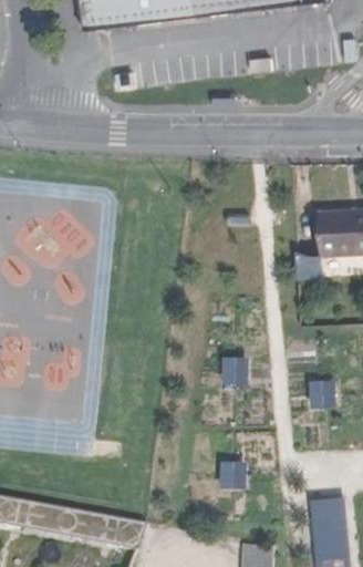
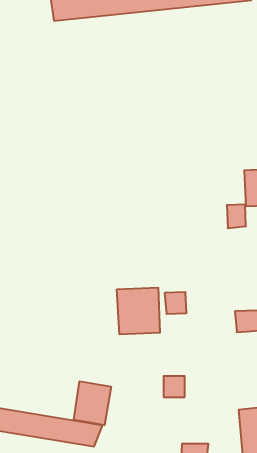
building: none -> [117,288,160,334]
building: none -> [74,381,111,425]

